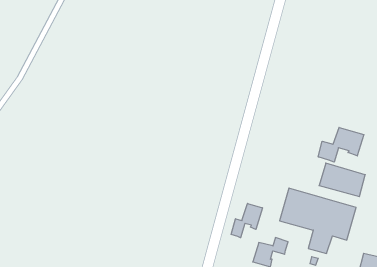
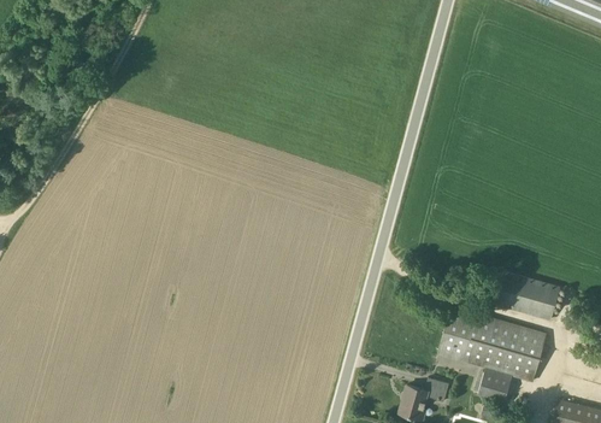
building: [318,127,364,162] -> none
building: [231,203,262,238] -> none

